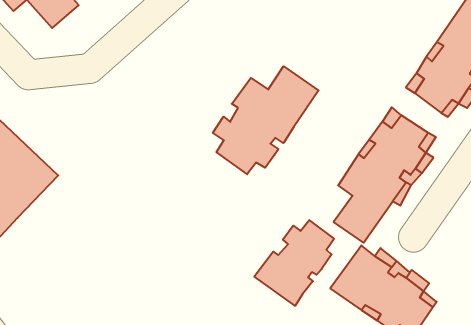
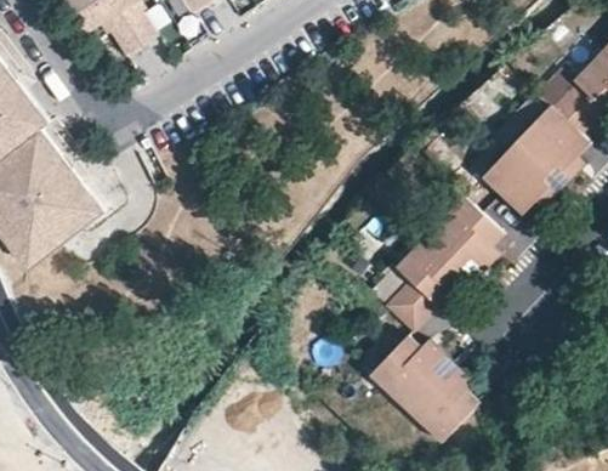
building: [213,66,319,174] -> none
building: [254,220,334,306] -> none

